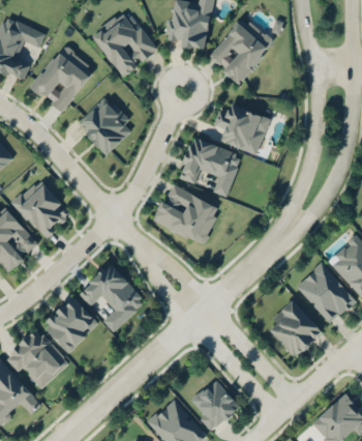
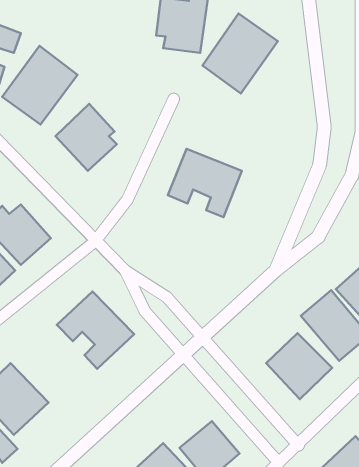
building: [91,13,158,78] -> none
building: [214,105,270,155] -> none
building: [152,183,221,246] -> none
building: [42,296,100,354] -> none

